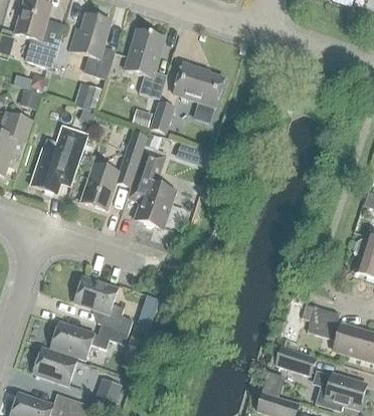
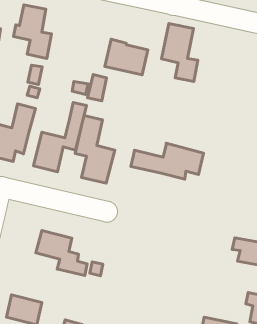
building: [124,28,166,97] -> [161,24,198,81]
building: none -> [131,143,204,179]
building: [50,321,128,358] -> none
building: [274,347,315,374] -> none

